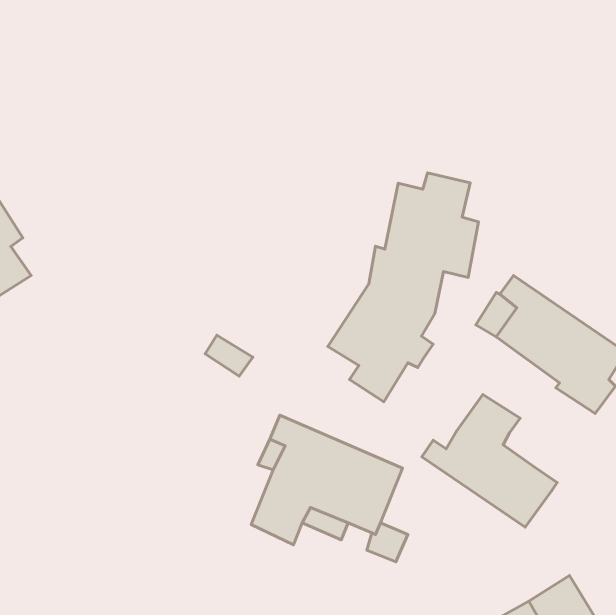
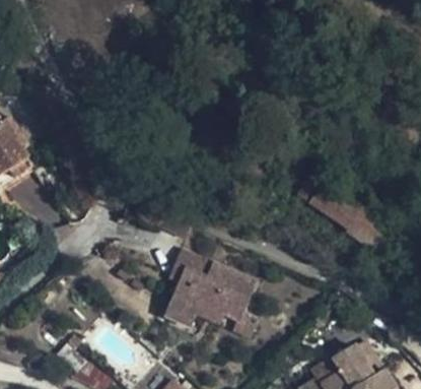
building: [328,173,478,402] -> none
building: [422,395,557,527] -> none

